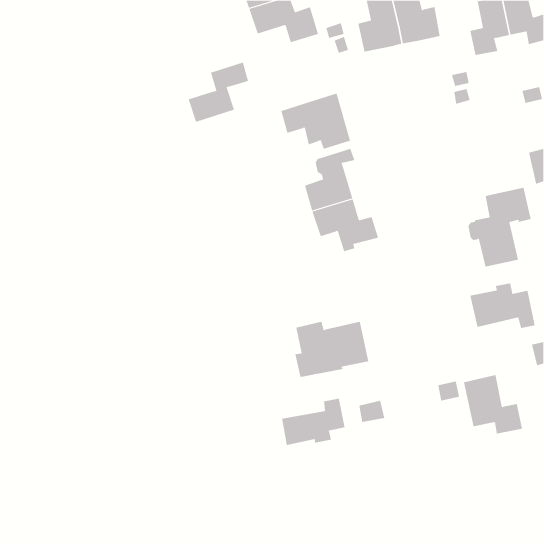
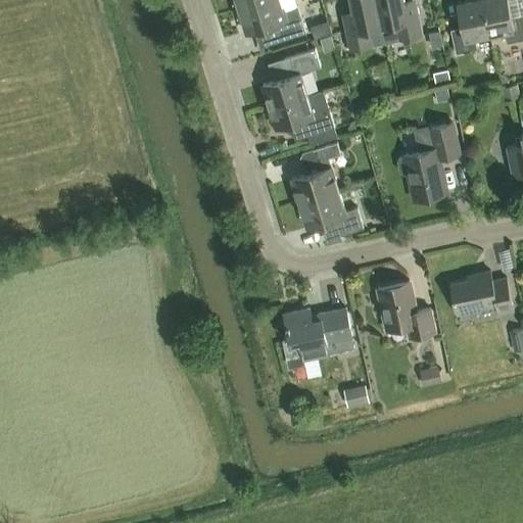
building: [188,62,249,123] -> [262,49,320,107]
building: [468,187,532,267] -> [397,124,459,200]
building: [463,375,523,434] -> [377,281,434,338]
building: [282,398,345,446] -> none

